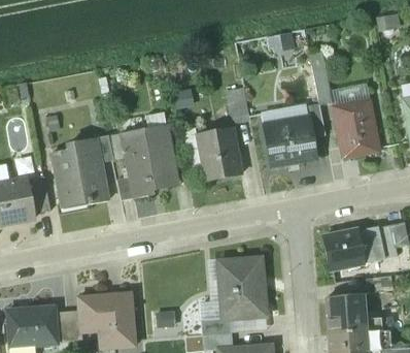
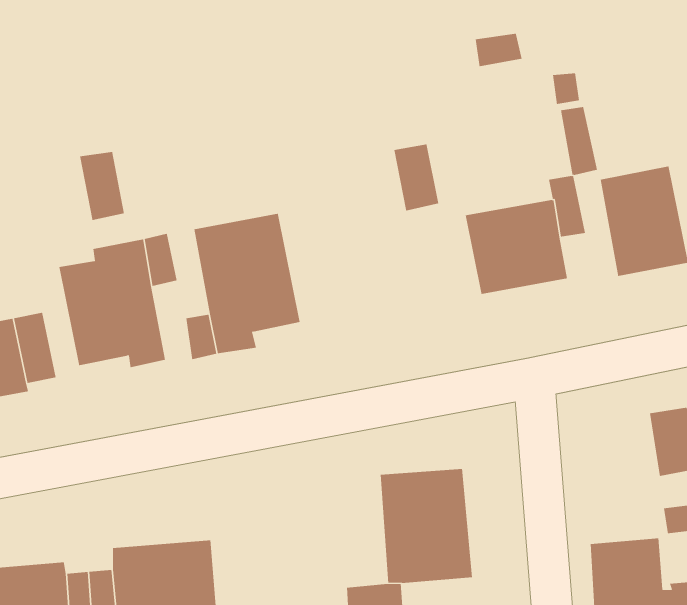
building: none -> [80,151,124,221]
building: [197,128,241,181] -> none
building: [323,229,364,267] -> none

